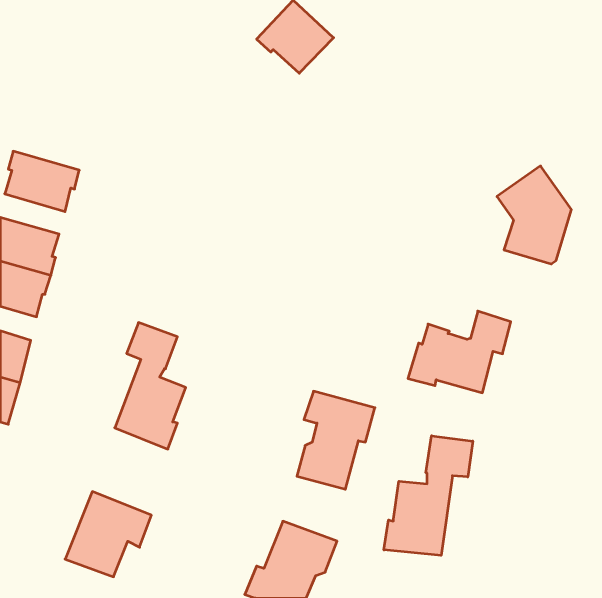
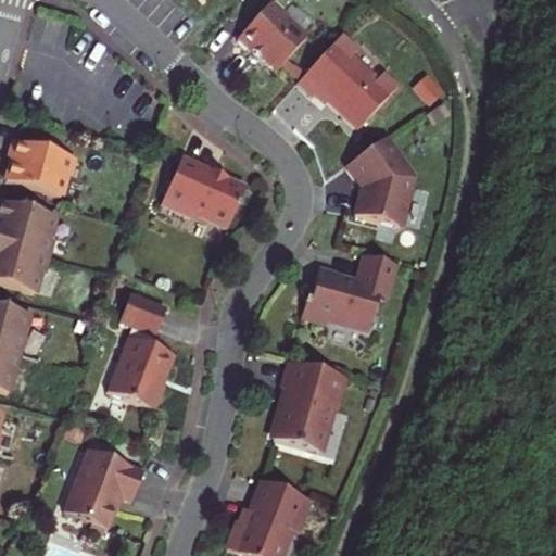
building: none -> [298,33,397,126]
building: [497,166,571,264] -> [348,135,416,225]
building: none -> [162,155,247,225]
building: [408,311,511,393] -> [302,253,396,328]
building: [384,436,473,555] -> none

